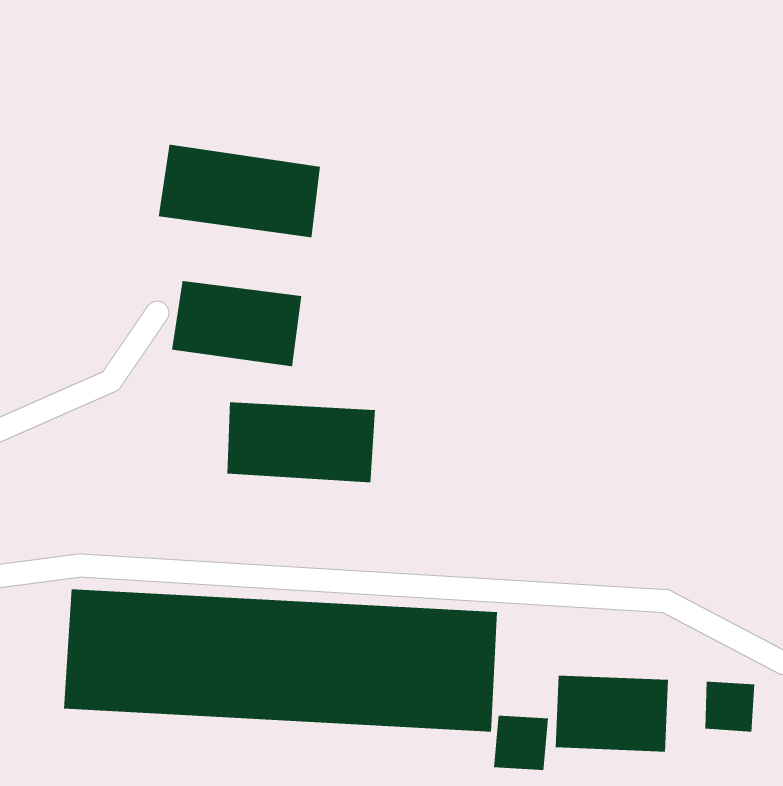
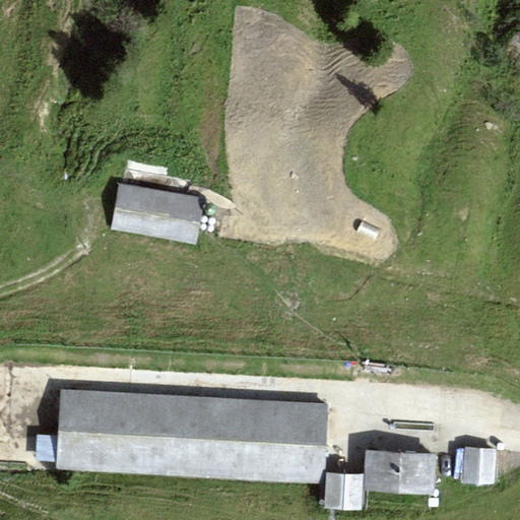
building: [158,144,321,238] -> none
building: [227,401,375,483] -> none

